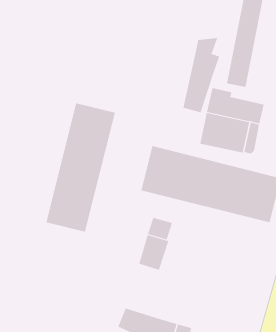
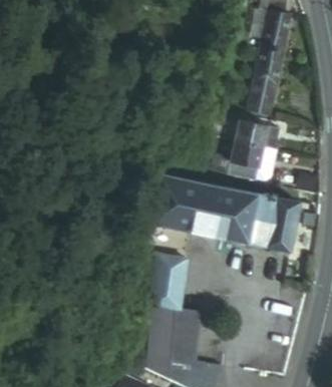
building: [183,37,220,113] -> none
building: [46,102,115,233] -> none
building: none -> [141,300,194,358]

